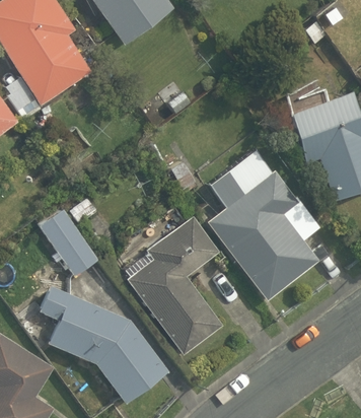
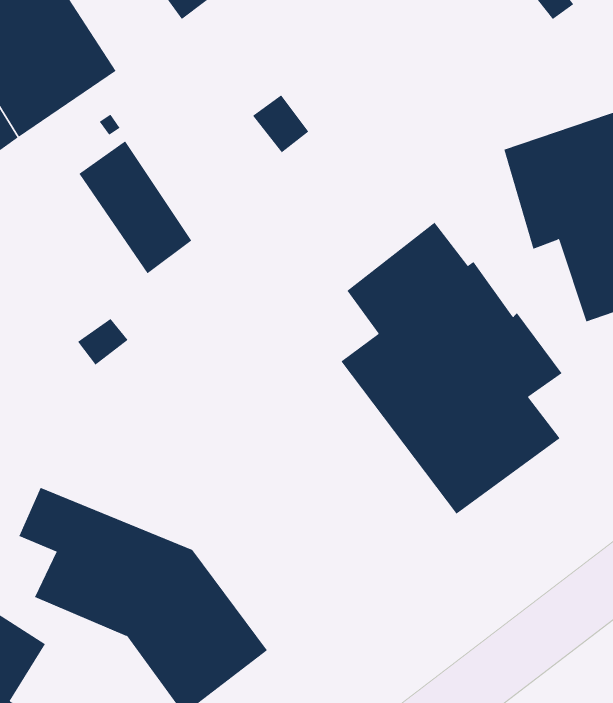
building: [39,208,97,277] -> [78,140,192,274]
building: [125,216,223,355] -> none

